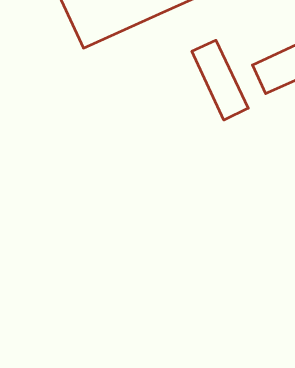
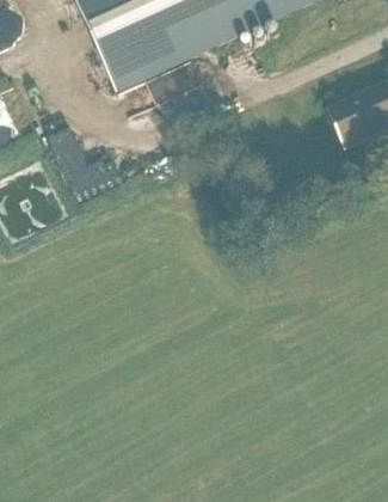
building: [192,40,248,120] -> none

